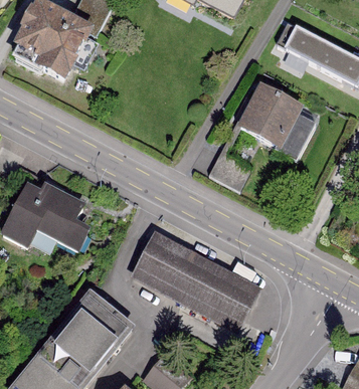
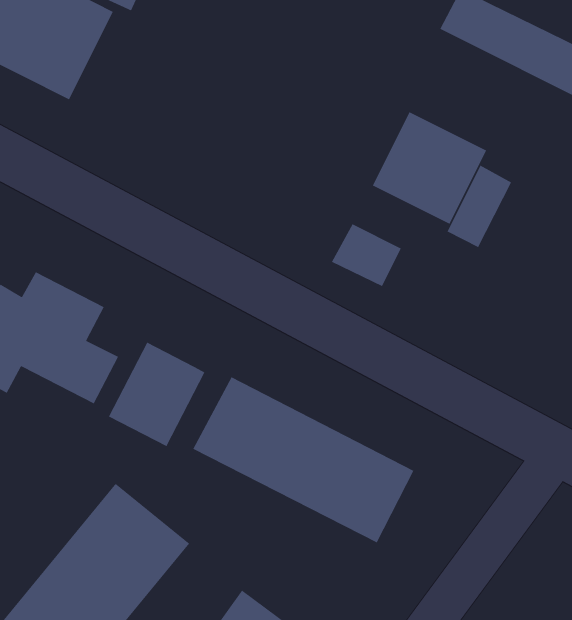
building: none -> [108,342,206,447]

